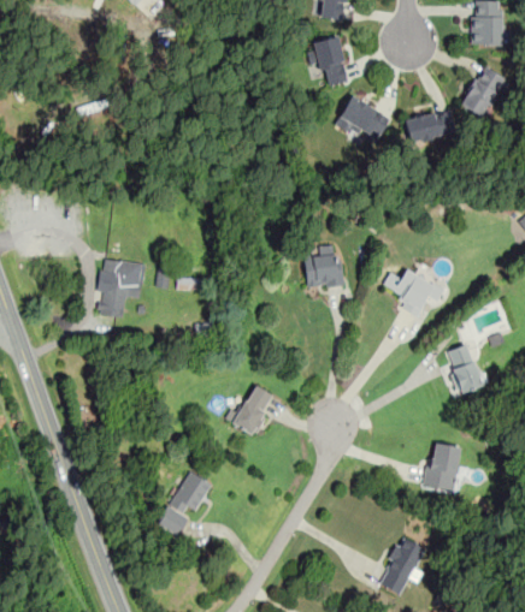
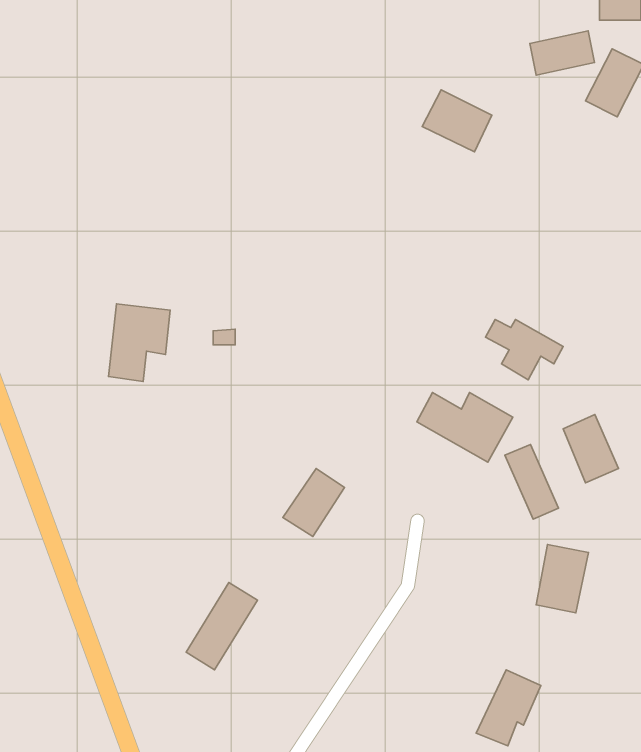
building: [307,38,346,84] -> none
building: [405,109,454,143] -> [530,31,595,75]
building: [303,244,343,290] -> none
building: none -> [417,392,513,462]
building: none -> [505,444,559,519]

